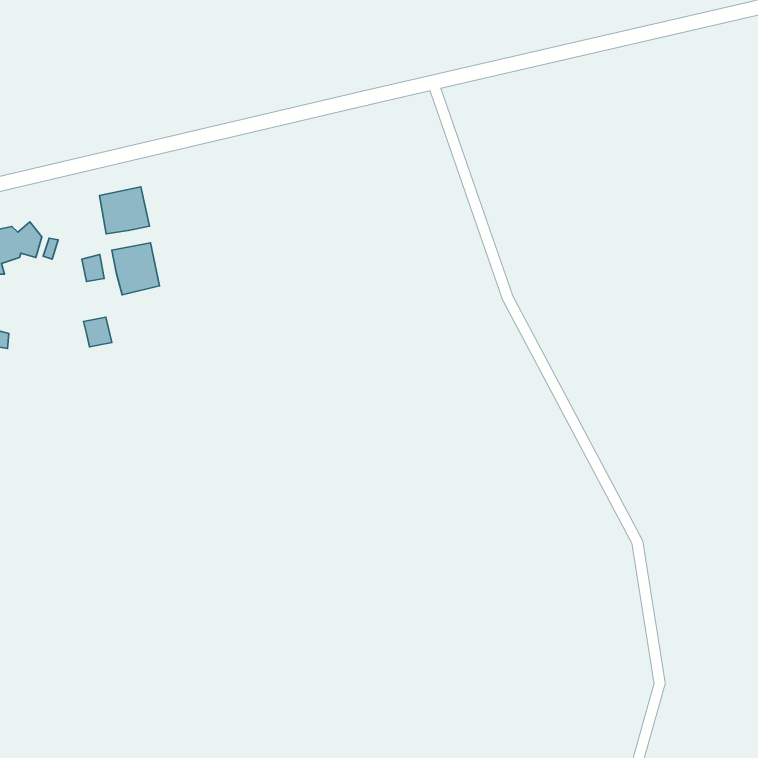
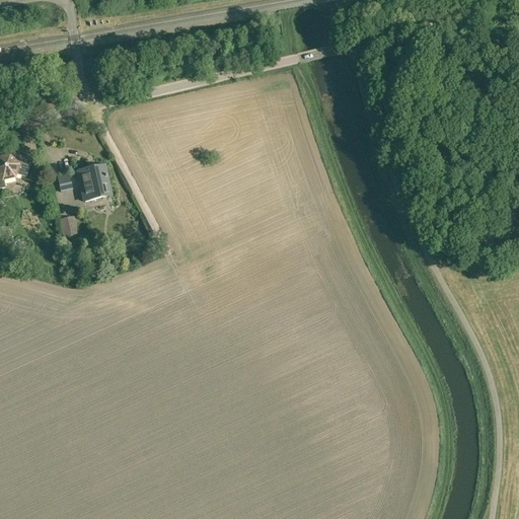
building: [100,187,149,234] -> none

